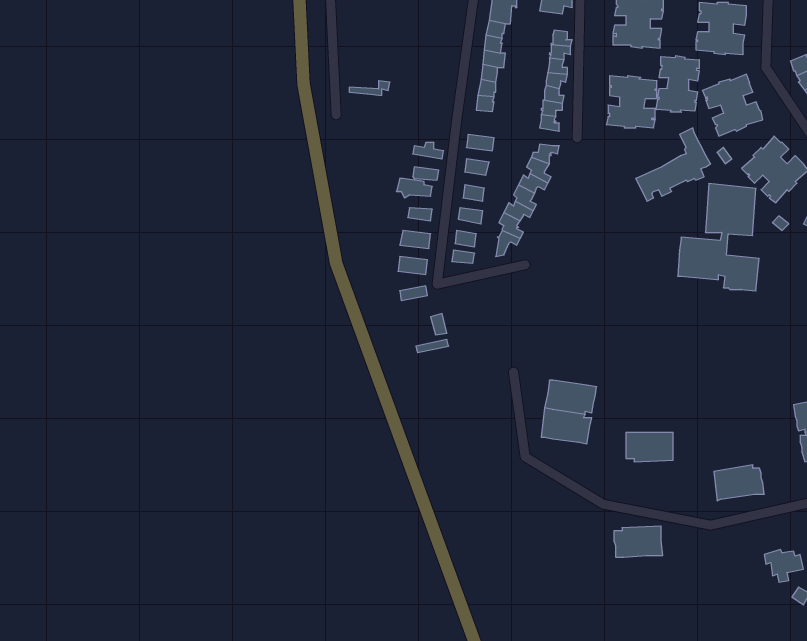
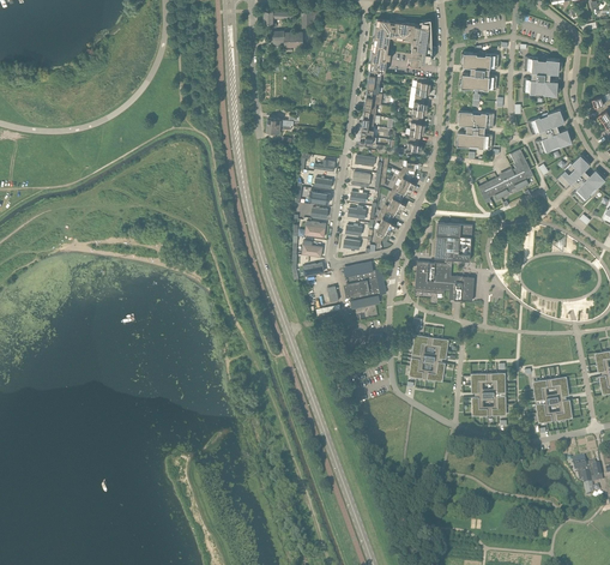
building: [656,56,699,112] -> none
building: [678,184,759,291] -> [415,222,475,301]
building: none -> [344,264,386,307]
building: none -> [532,377,569,402]
building: [614,526,663,557] -> [471,393,507,416]

